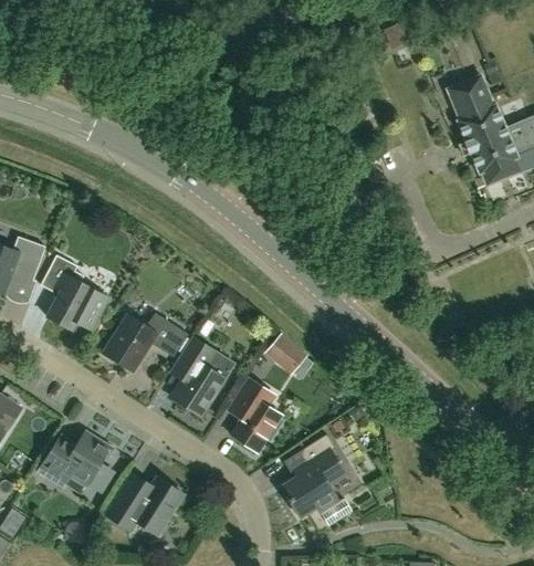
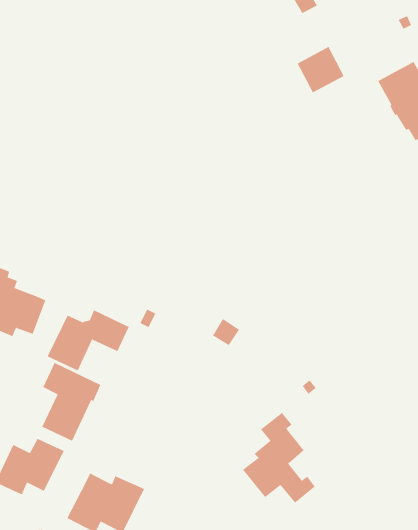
building: [448,76,493,120] -> [297,46,345,93]
building: [172,336,235,416] -> [41,362,101,441]
building: [231,379,281,452] -> none

